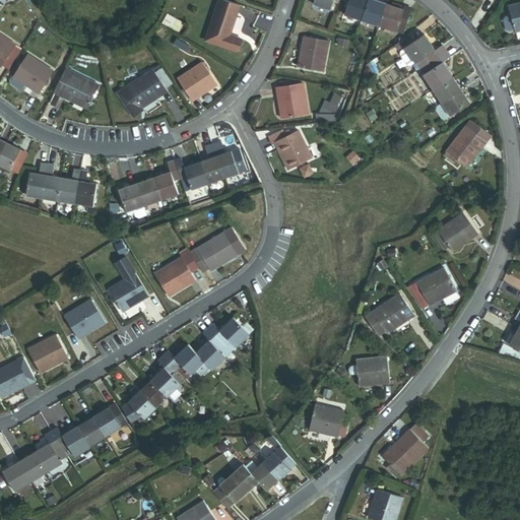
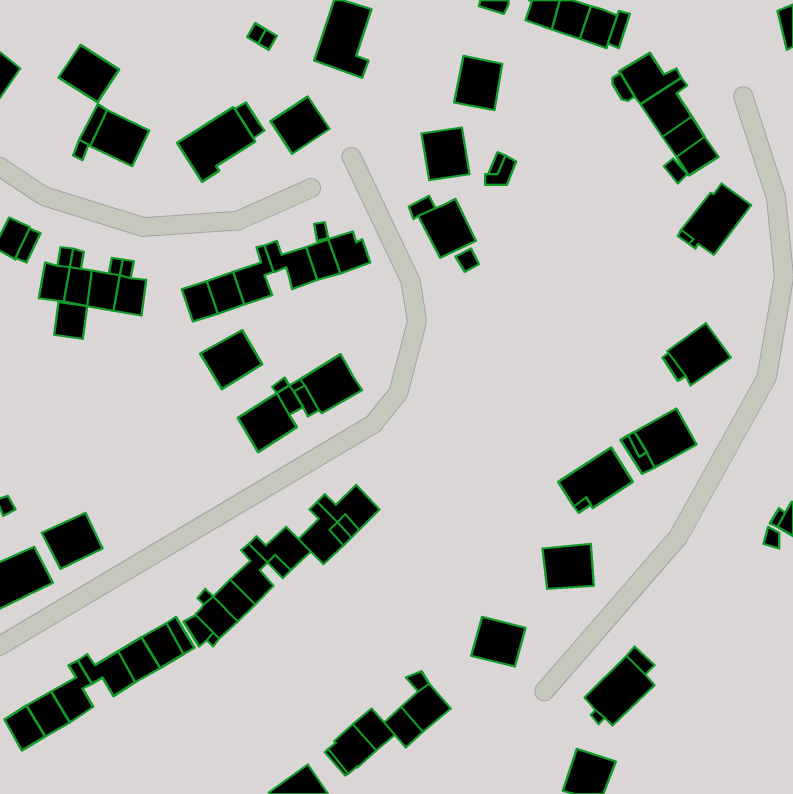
building: [12,55,52,92] -> [59,45,119,102]
building: none -> [54,302,87,339]
building: [107,273,147,312] -> [200,330,262,389]
building: [64,300,104,337] -> none

